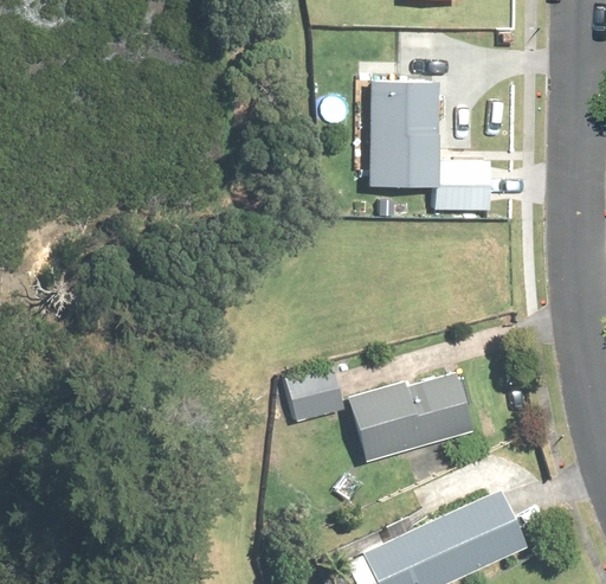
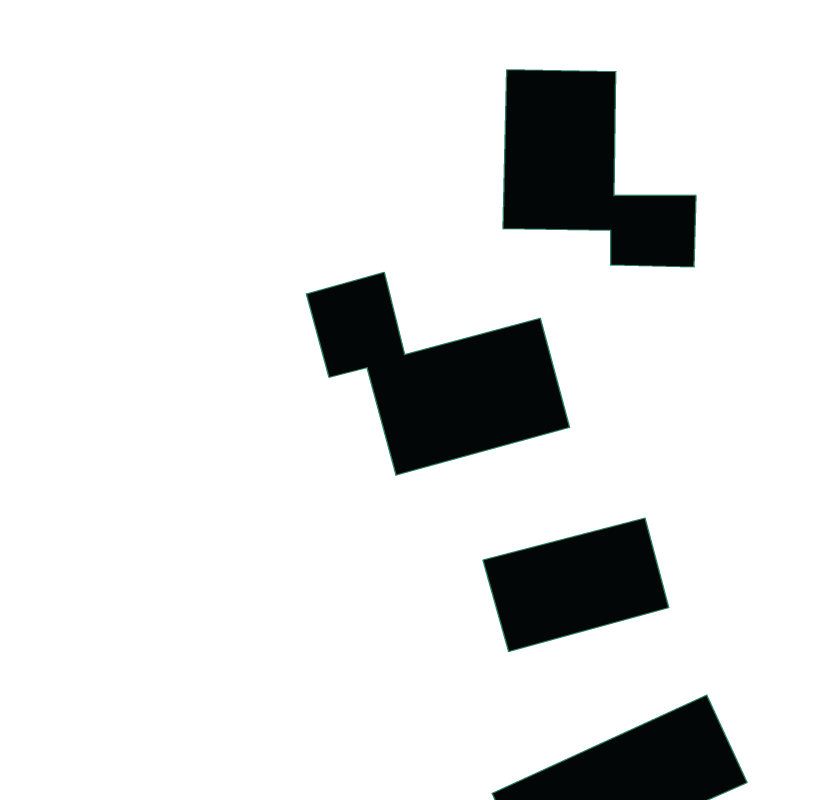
building: none -> [306,272,569,475]
building: [289,368,347,418] -> none

